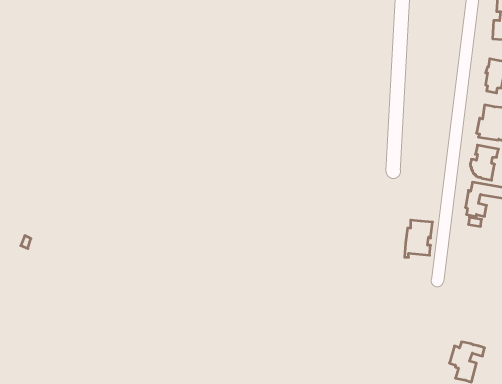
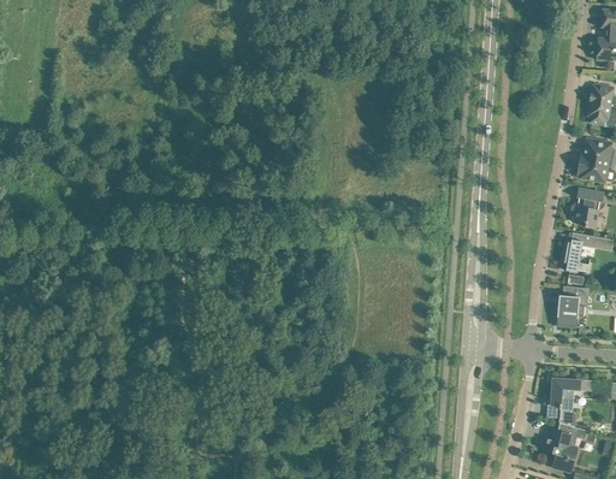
building: [405,220,433,257] -> [556,285,590,330]
building: none -> [551,378,580,426]

